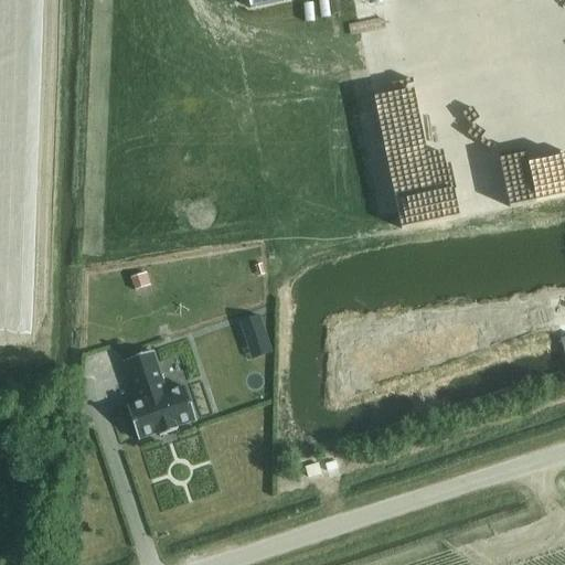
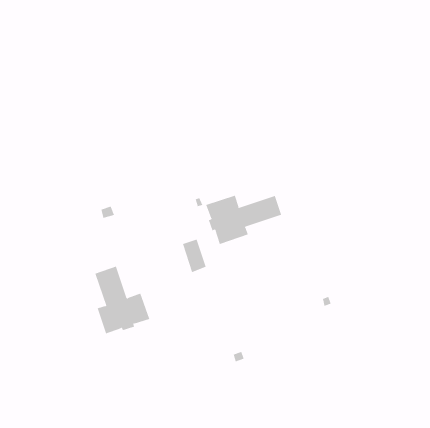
building: none -> [206,195,282,245]

